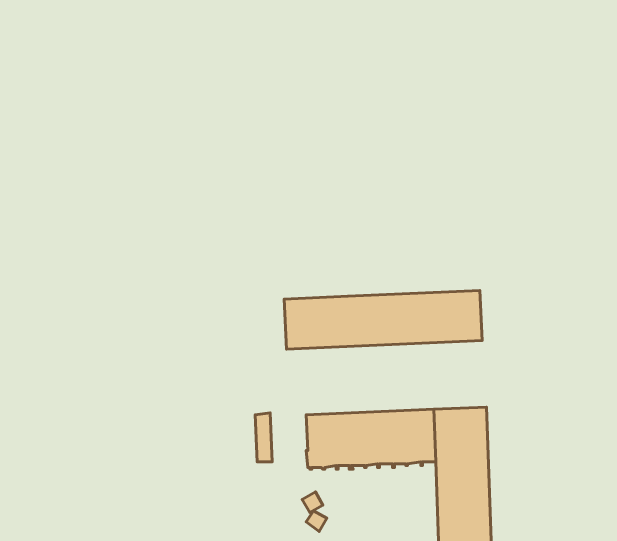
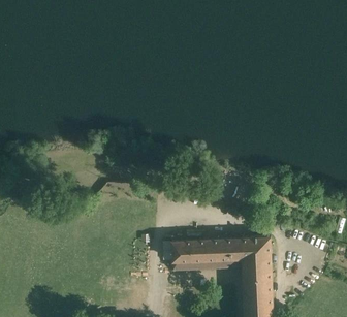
building: [284,290,482,349] -> none

